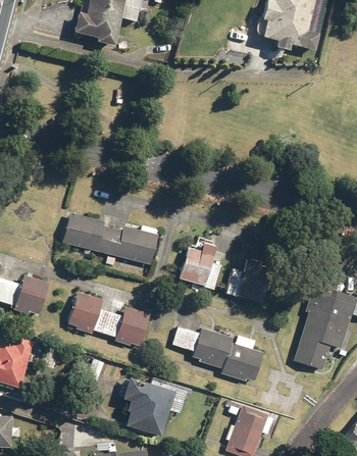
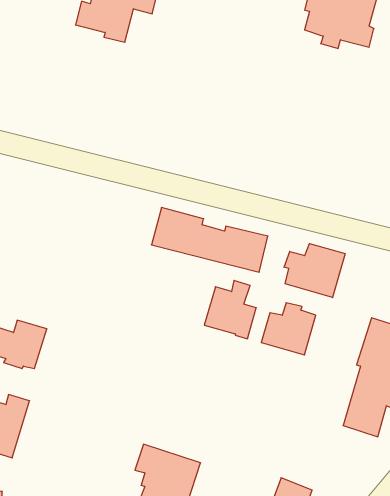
building: [61,211,157,264] -> [151,208,268,272]
building: none -> [284,244,345,298]
building: [68,292,150,346] -> none
building: [171,325,262,381] -> none

